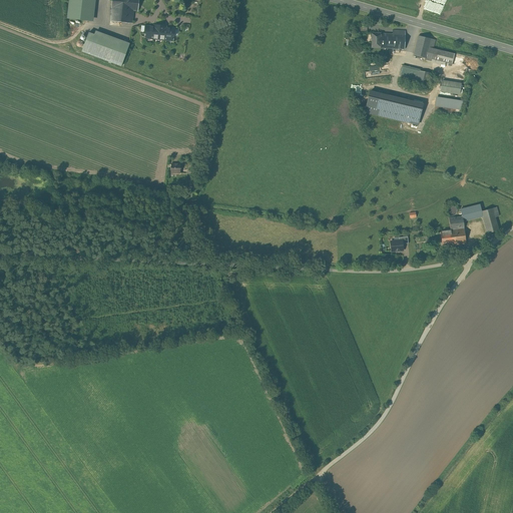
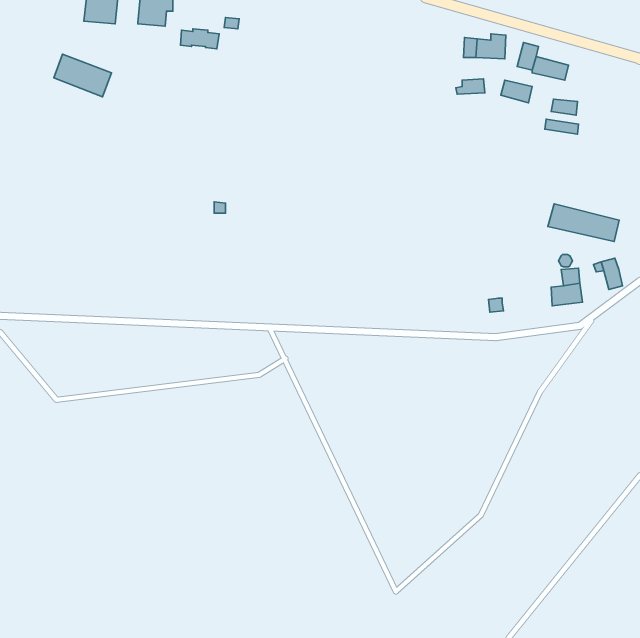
building: [82,30,128,64] -> [54,54,111,97]
building: [365,92,422,122] -> [548,204,619,242]

